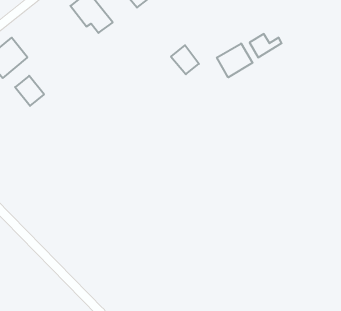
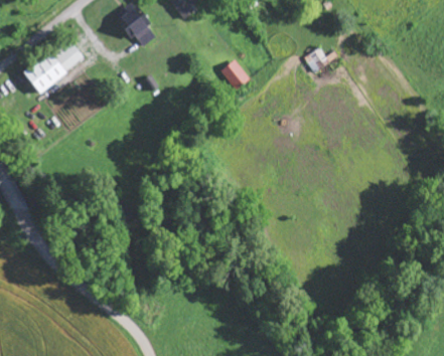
building: [217,43,253,77] -> none
building: [15,76,44,106] -> [52,37,84,69]

